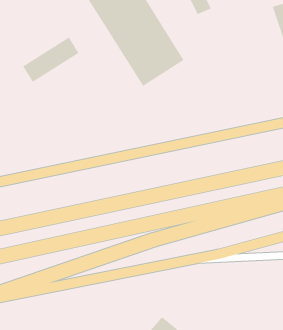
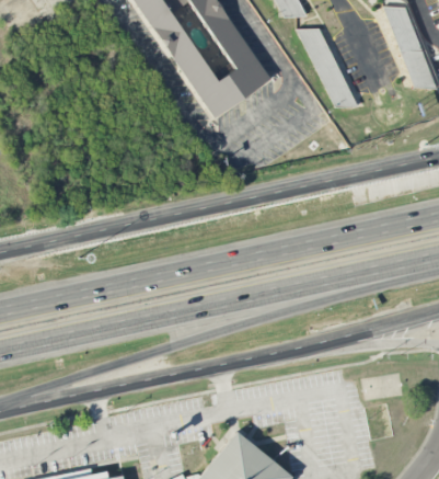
building: none -> [300,24,356,113]
building: [22,37,79,83] -> none

